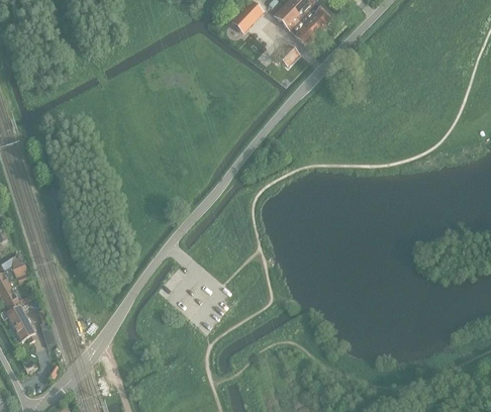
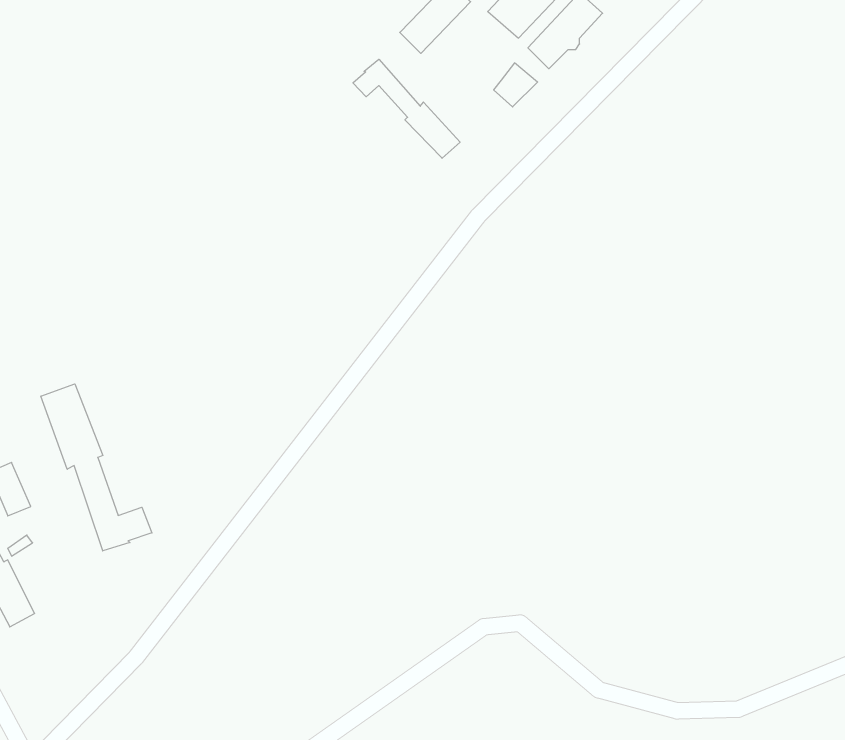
building: none -> [353,59,460,158]
building: none -> [41,384,152,551]

